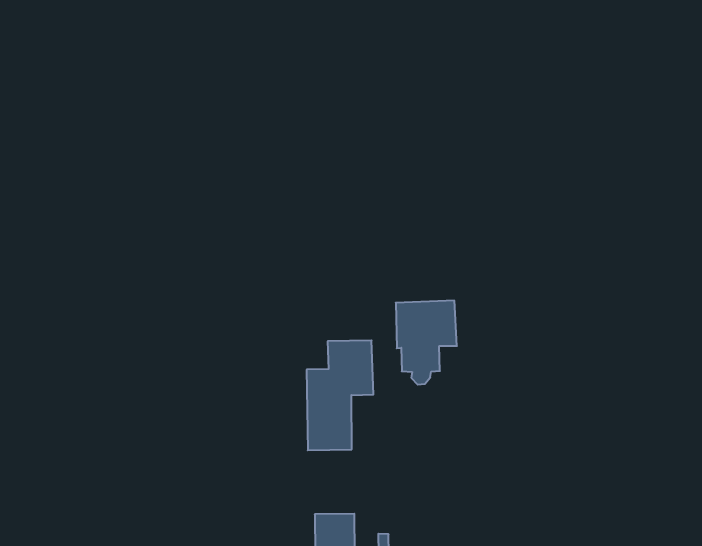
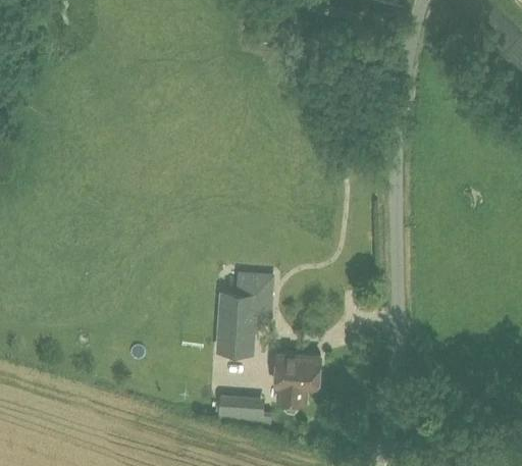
building: [396,301,457,385] -> [275,354,318,412]

